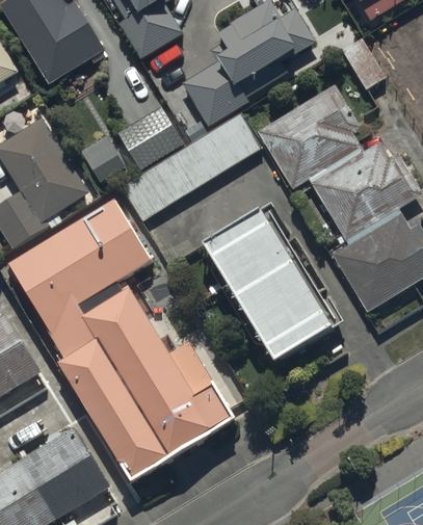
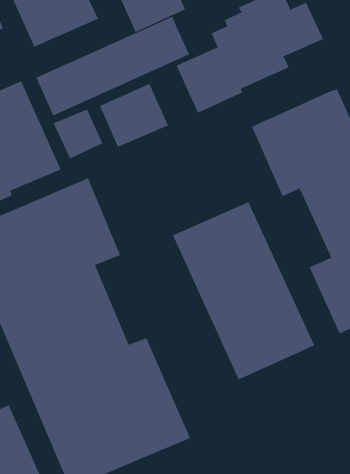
building: [121,113,260,220] -> [36,16,190,116]

